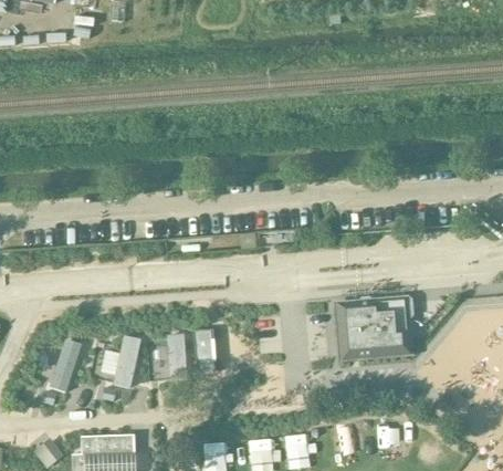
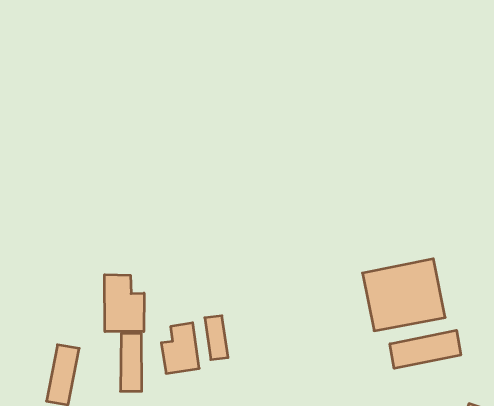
building: none -> [105,275,144,332]
building: none -> [390,330,461,368]

